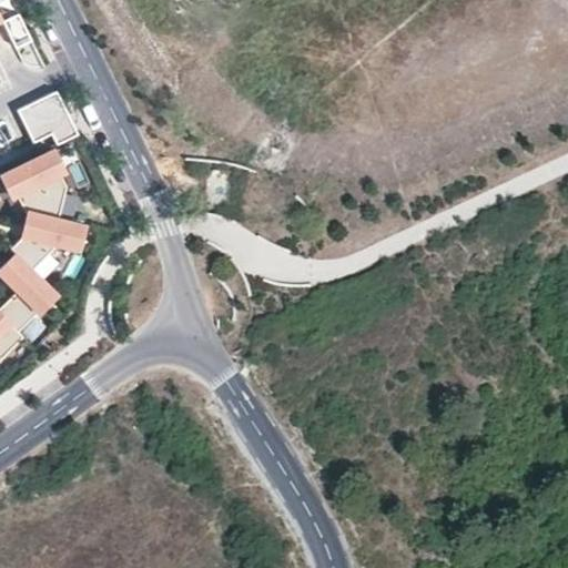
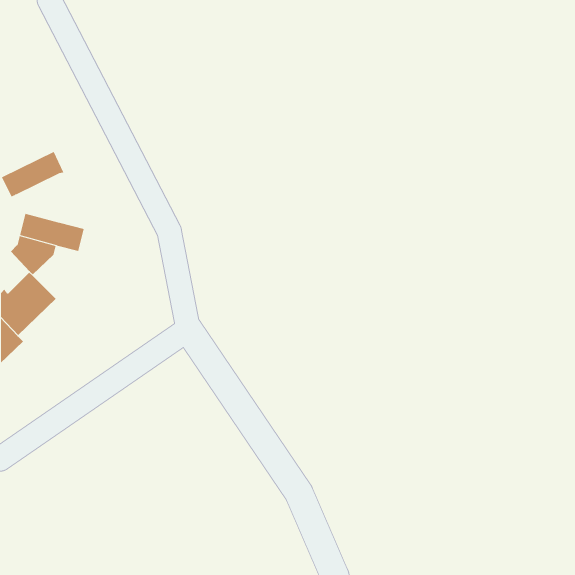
building: [18,91,70,136] -> none
building: [17,172,67,220] -> none

